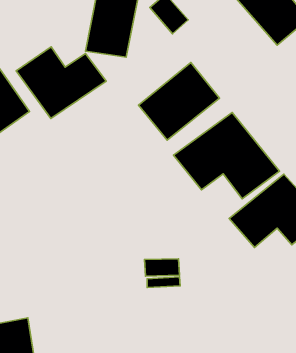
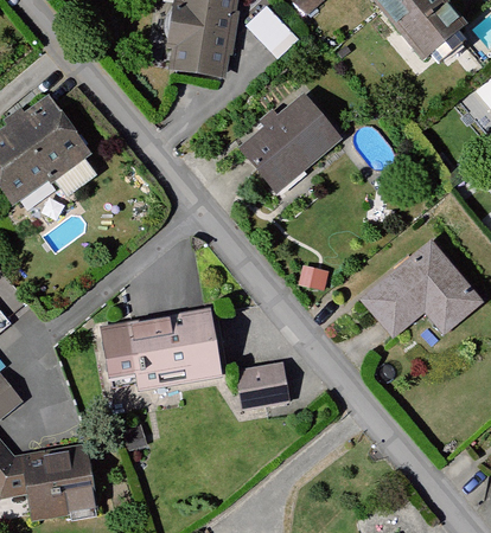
building: [16,47,106,118] -> none
building: [174,112,279,199] -> none
building: none -> [101,310,222,390]

